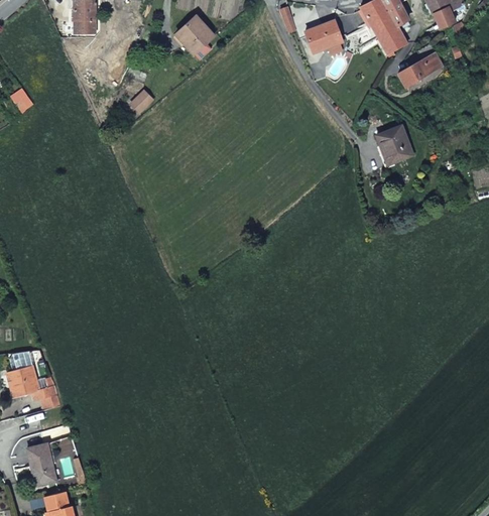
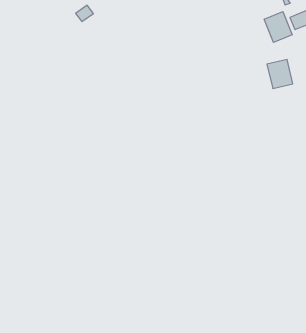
building: none -> [264,12,292,42]

